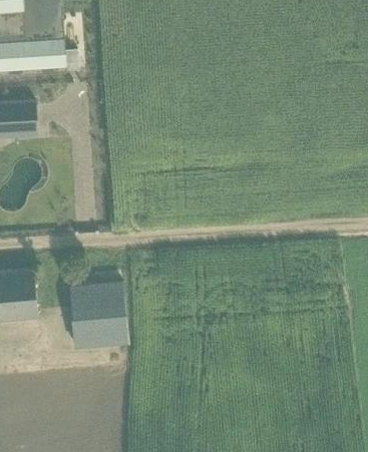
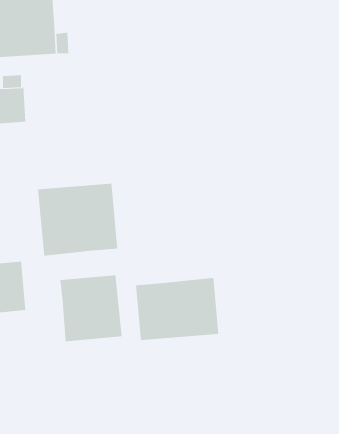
building: none -> [38,183,118,256]
building: none -> [136,277,219,341]

